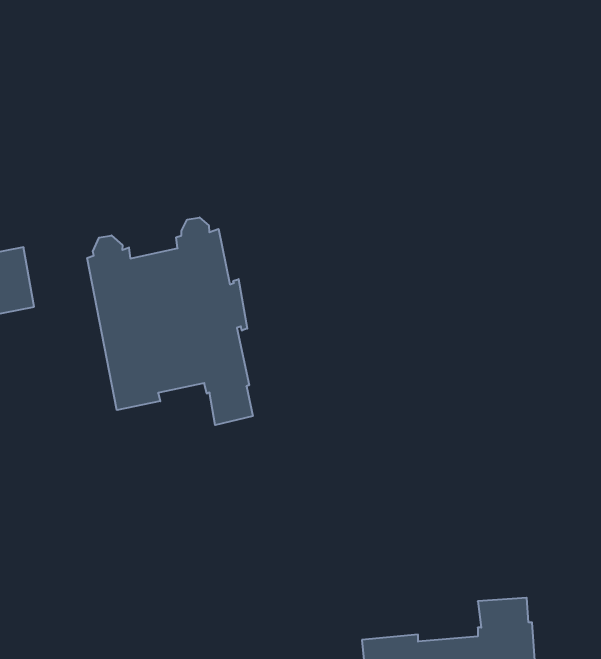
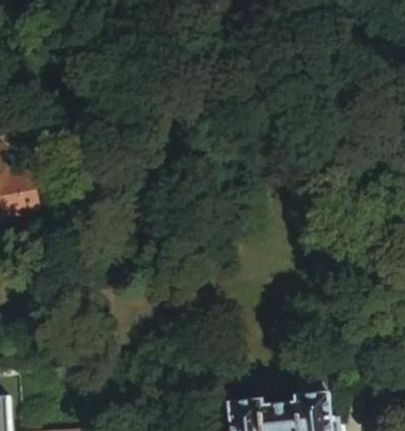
building: [87,217,253,425] -> none

